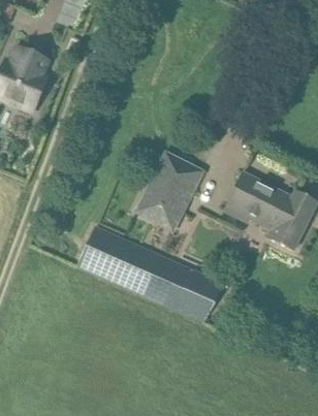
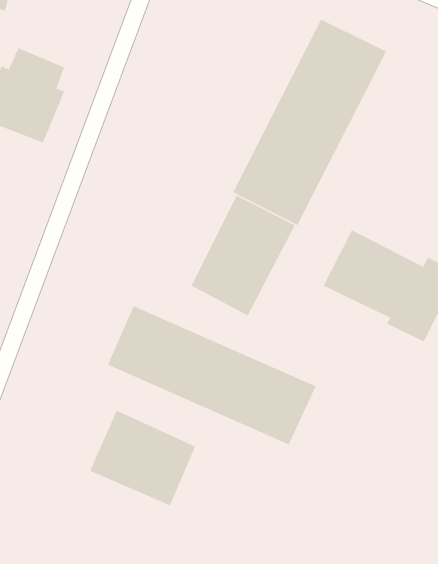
building: none -> [233,19,387,226]
building: none -> [90,410,196,506]

